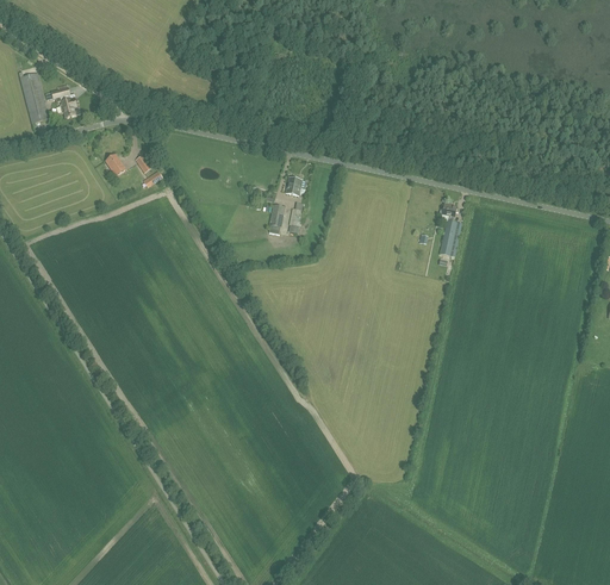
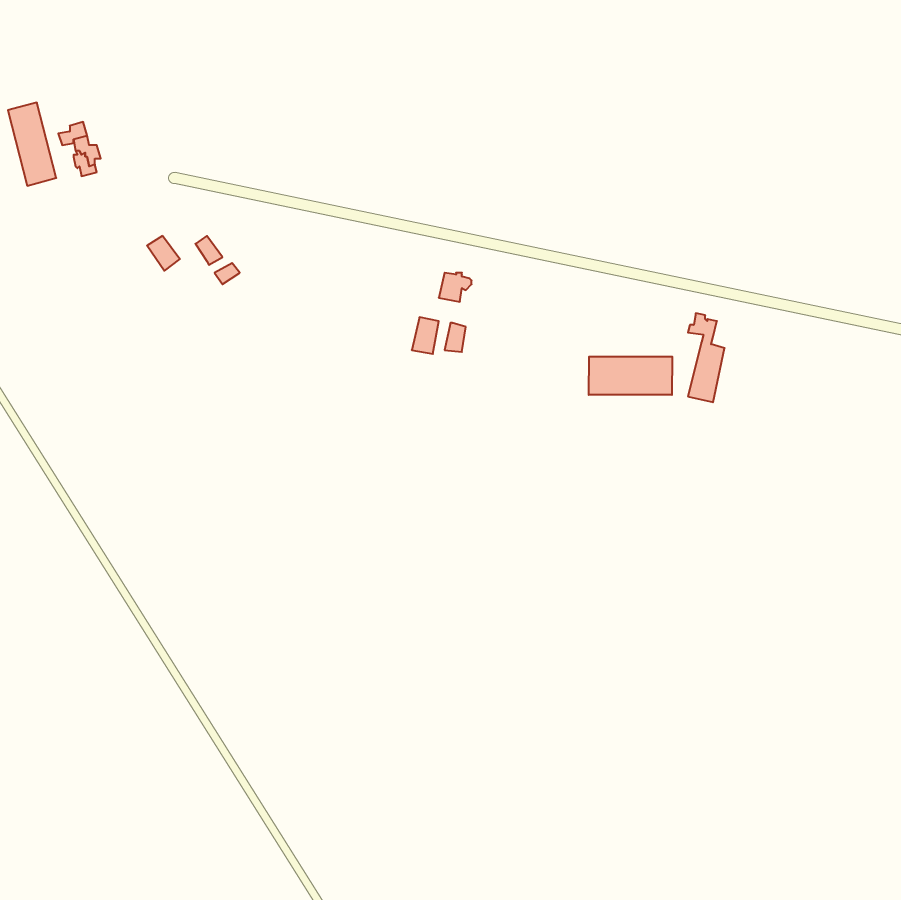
building: none -> [589,357,672,395]

